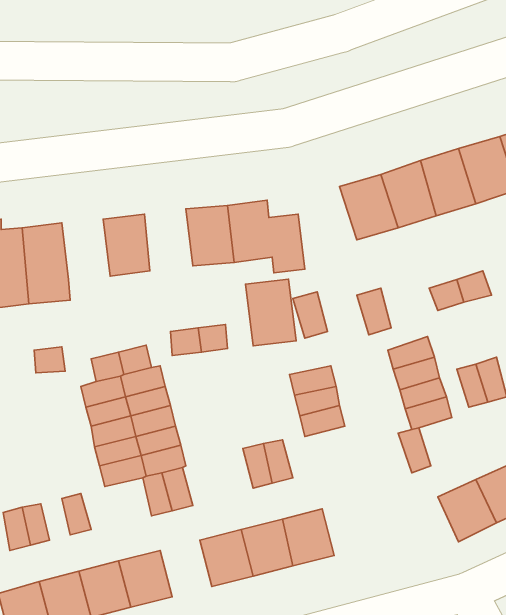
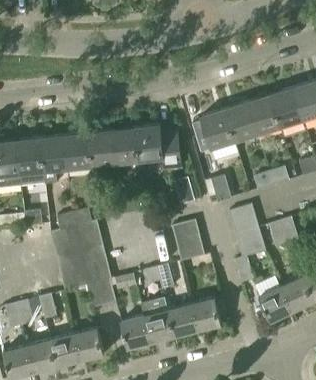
building: none -> [88,130,116,166]
building: none -> [40,136,68,184]
building: [246,279,296,346] -> none
building: none -> [191,298,222,331]

